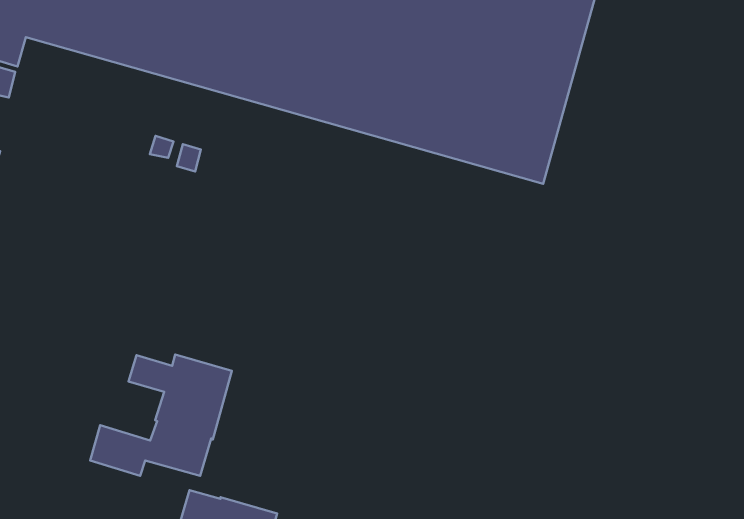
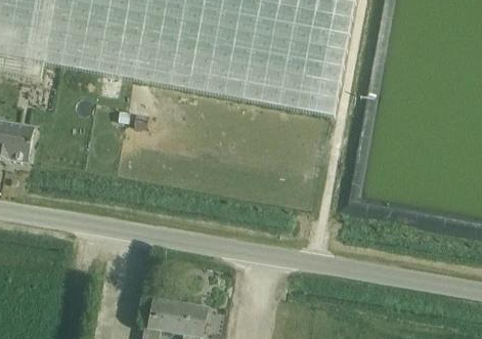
building: [90,355,232,476] -> none

